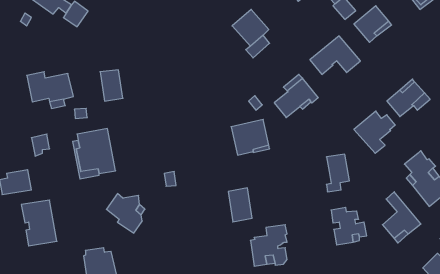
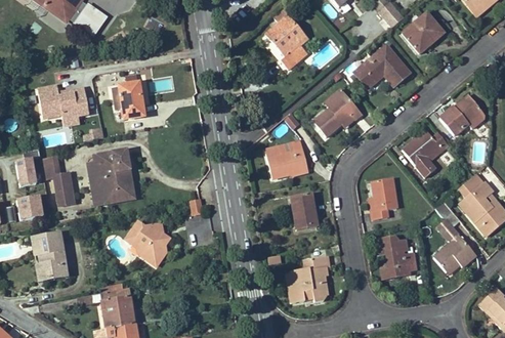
building: none -> [14,147,40,186]
building: none -> [53,169,78,205]
building: [228,188,252,222] -> [290,193,317,230]

